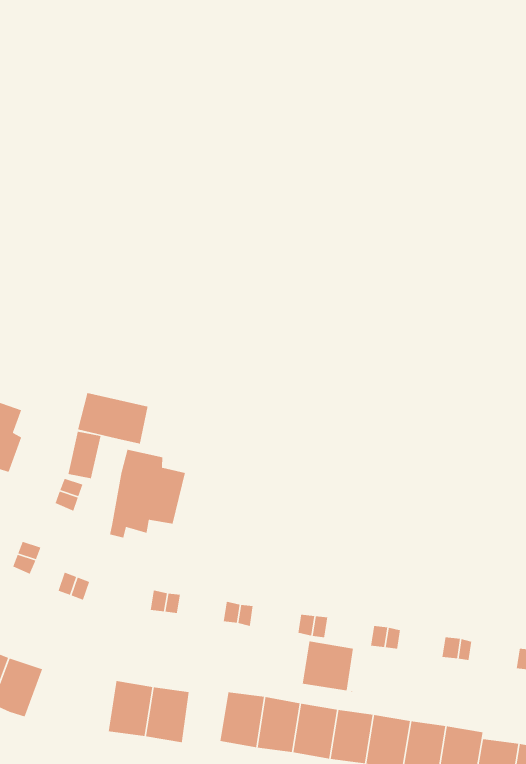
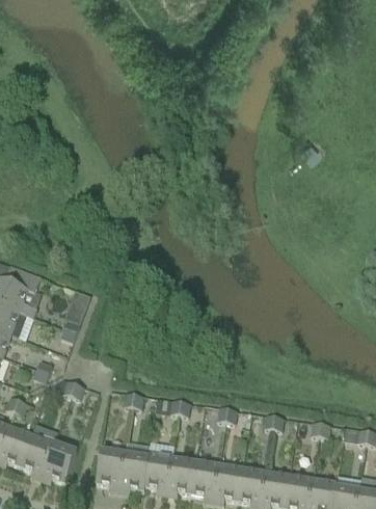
building: [77,392,148,444] -> none
building: [109,449,186,539] -> none
building: [302,640,354,692] -> none
building: none -> [42,443,76,482]
building: none -> [142,453,171,490]

